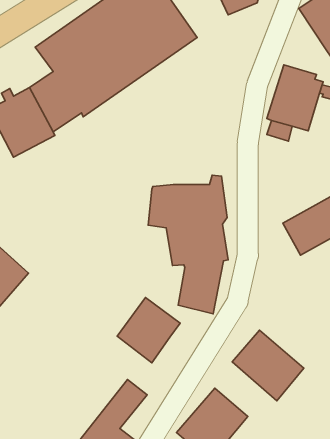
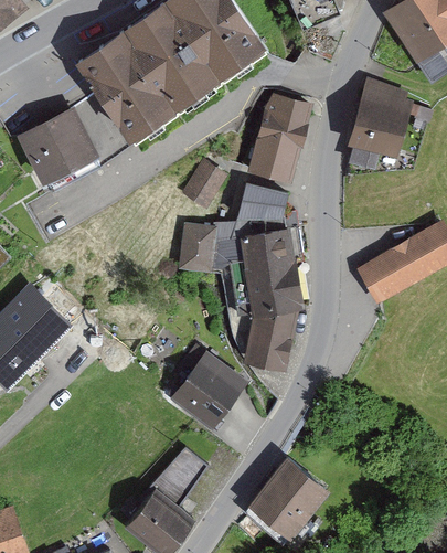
building: none -> [245,94,311,184]
building: none -> [180,158,223,206]
building: none -> [236,183,286,222]
building: none -> [178,224,212,270]
building: [232,330,304,401] -> none

